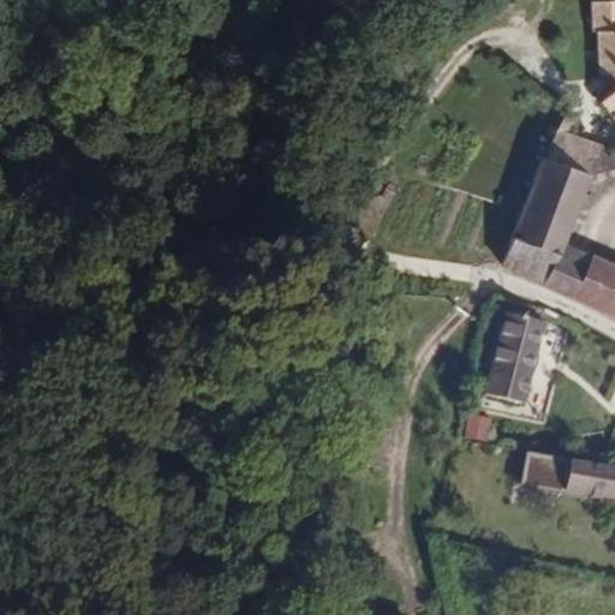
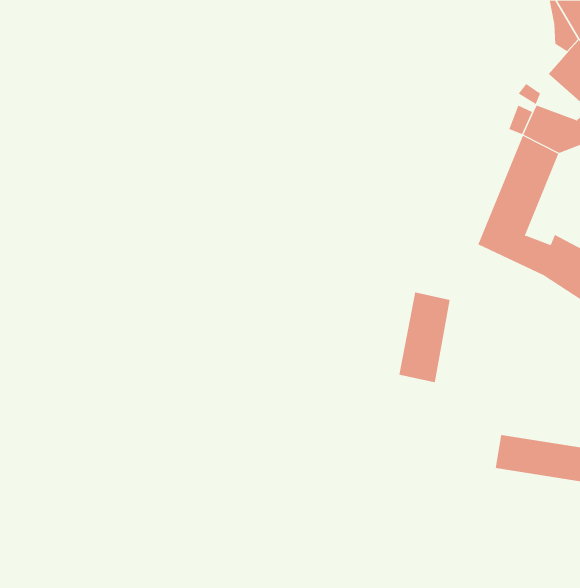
building: [490,333,544,428] -> [399,292,450,383]

